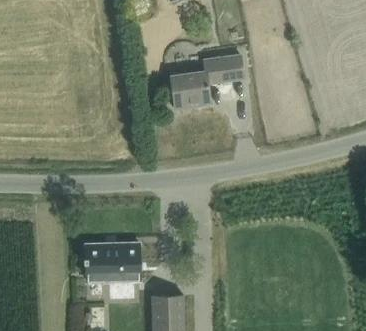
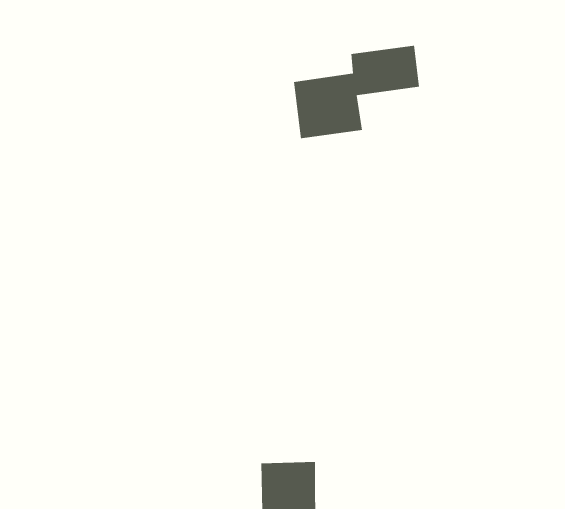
building: [87,244,140,281] -> none

